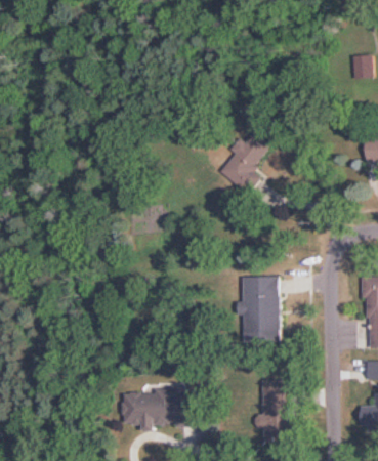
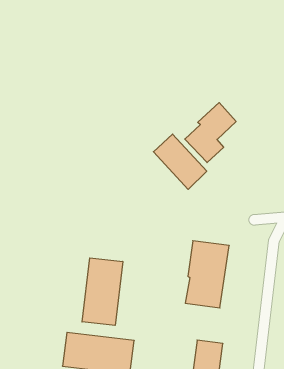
building: none -> [153,134,207,189]
building: none -> [82,258,123,325]

